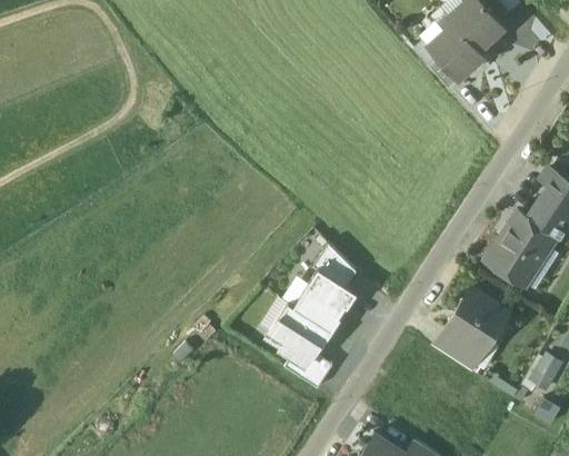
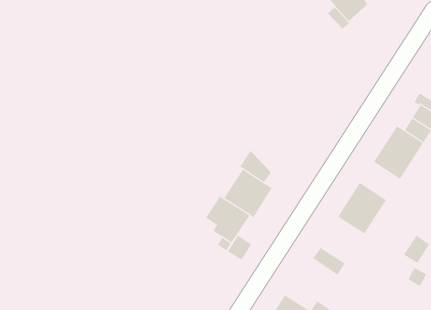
building: [435,333,478,369] -> [312,247,346,275]

